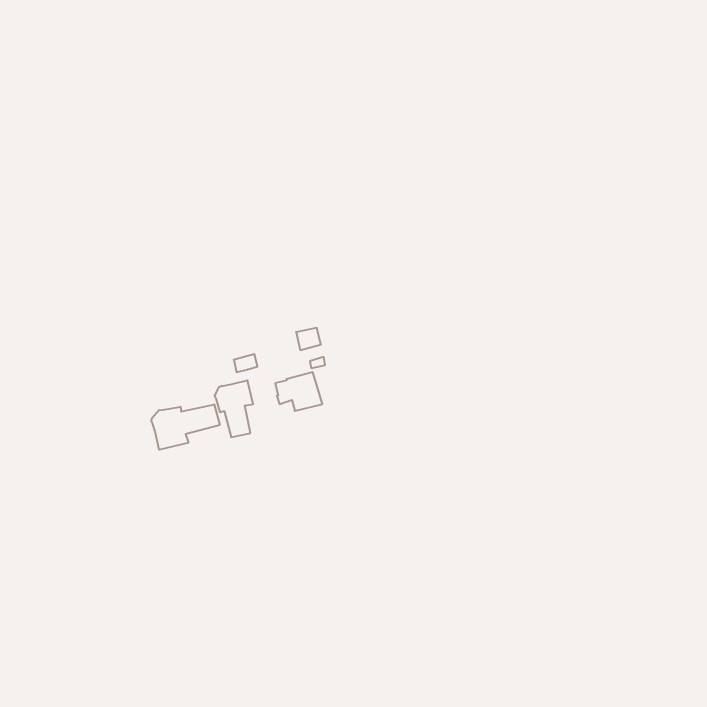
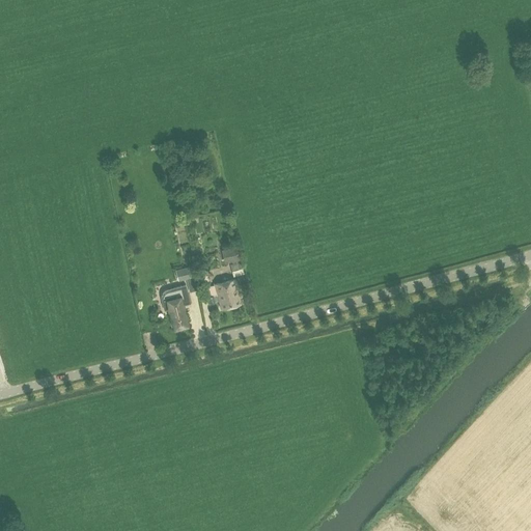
building: [152,404,220,450] -> none

